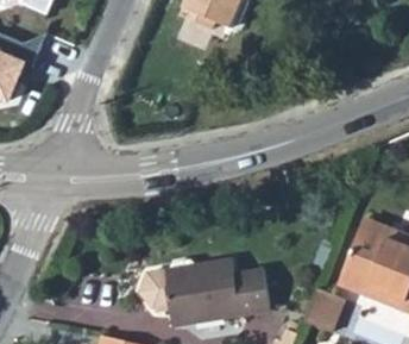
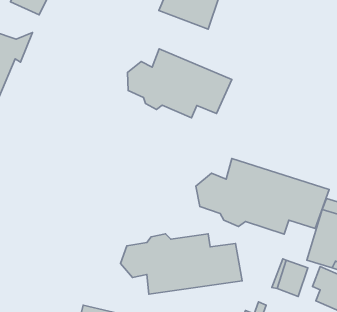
building: none -> [127,49,232,118]
building: none -> [196,158,329,234]

